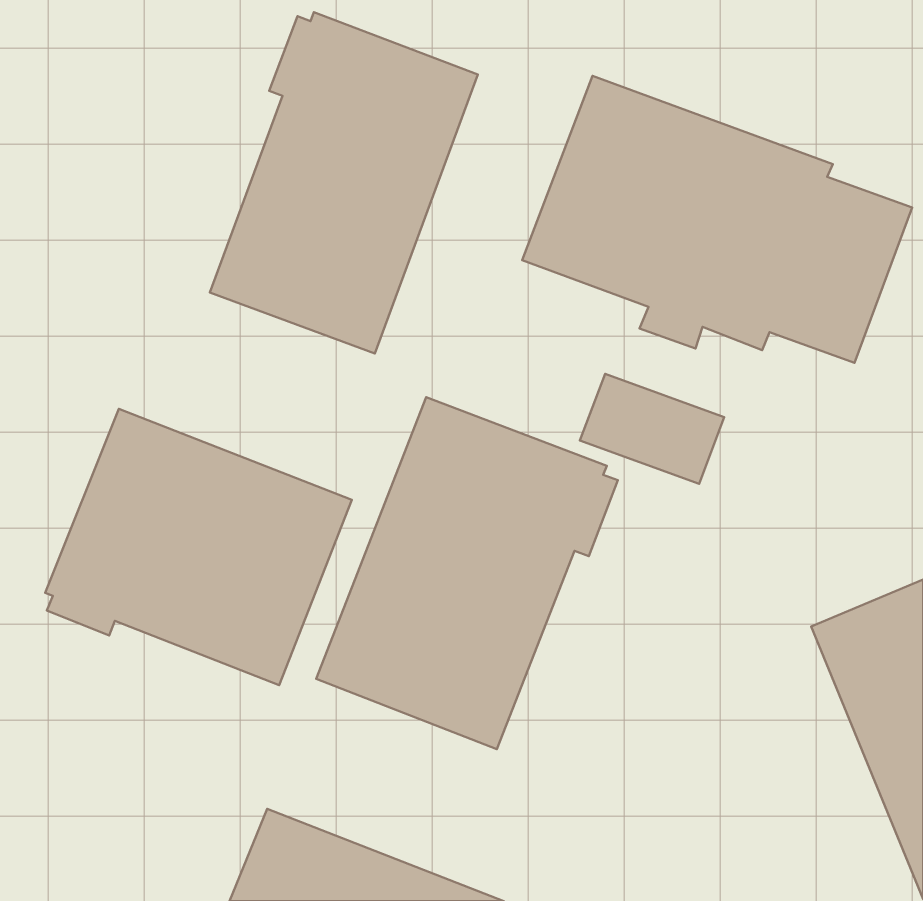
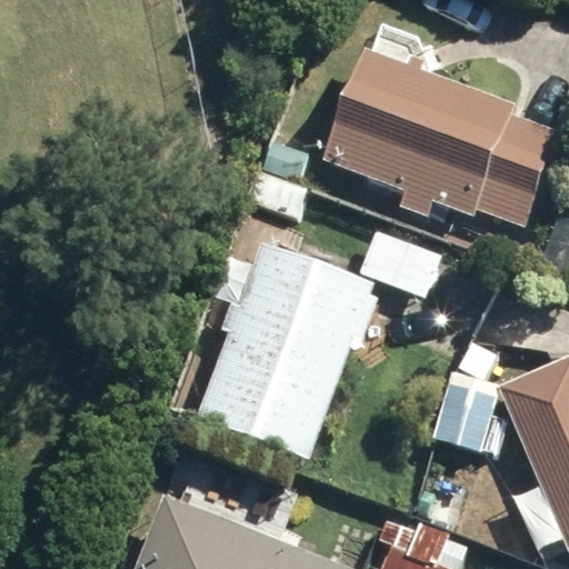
building: [210,12,478,353] -> none
building: [45,409,352,685] -> none

